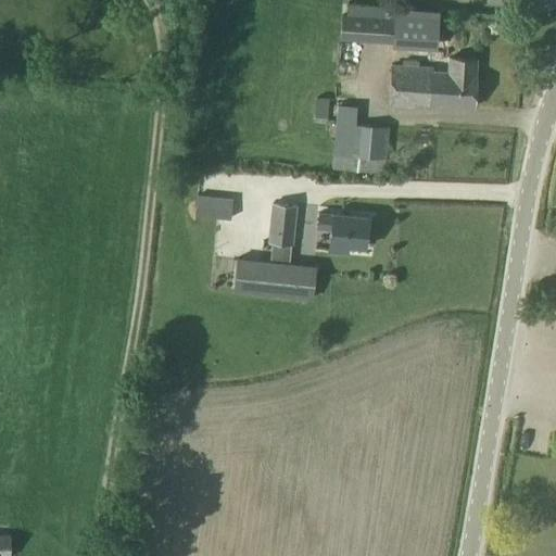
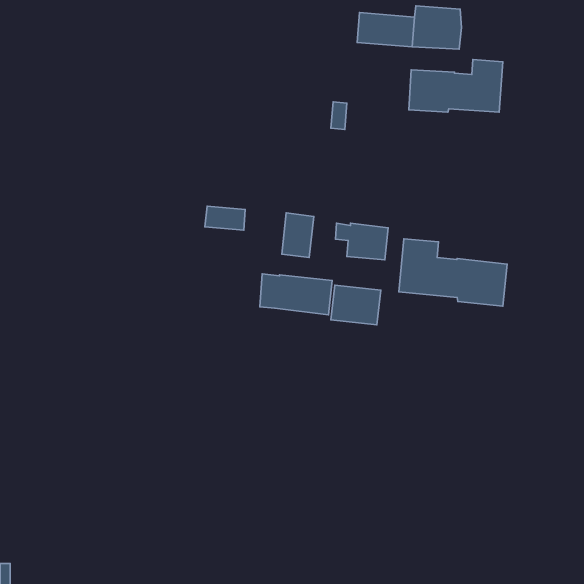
building: [334,105,391,159] -> none
building: none -> [399,239,507,306]
building: none -> [331,285,381,325]

